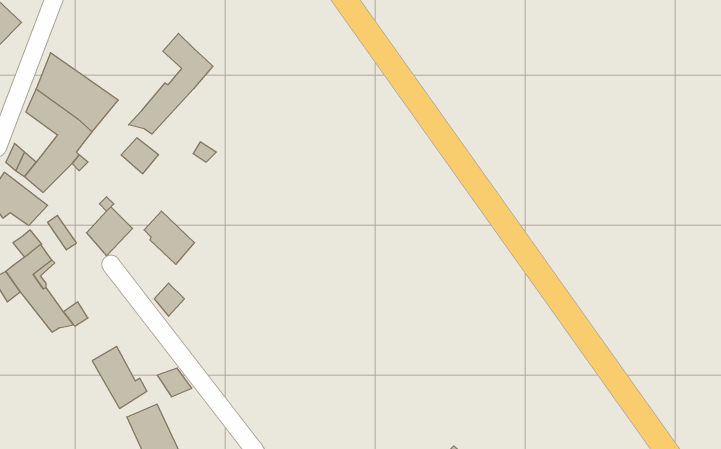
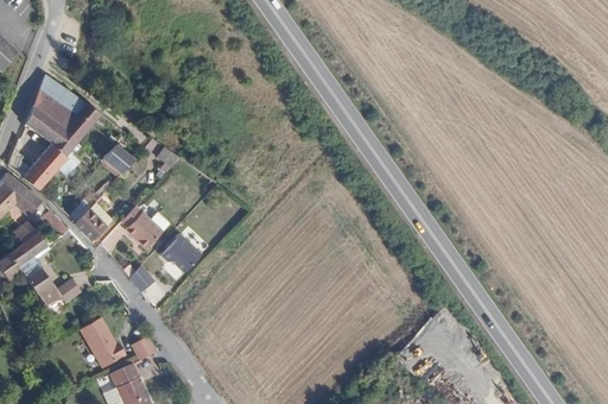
building: [129,33,213,134] -> none
building: none -> [160,233,202,273]

